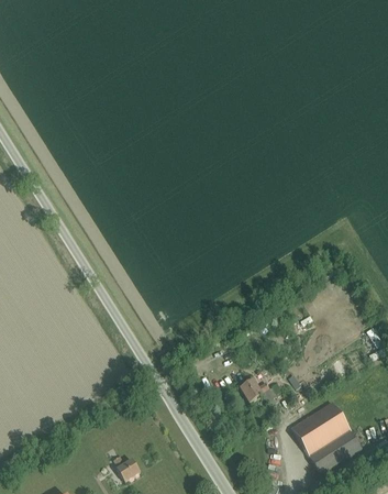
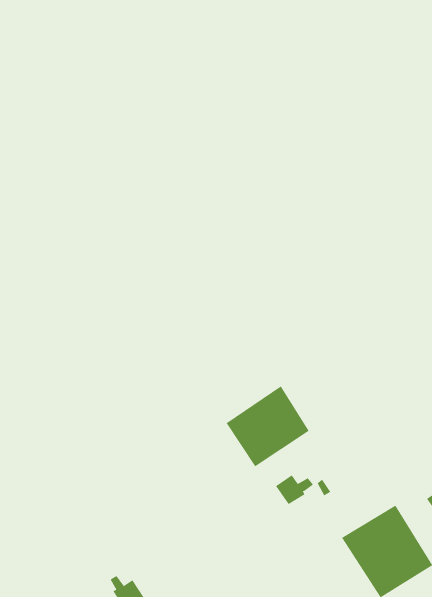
building: none -> [226,386,310,467]

